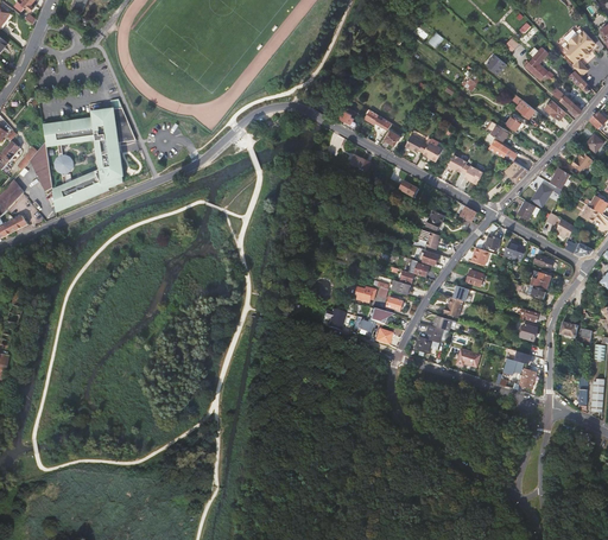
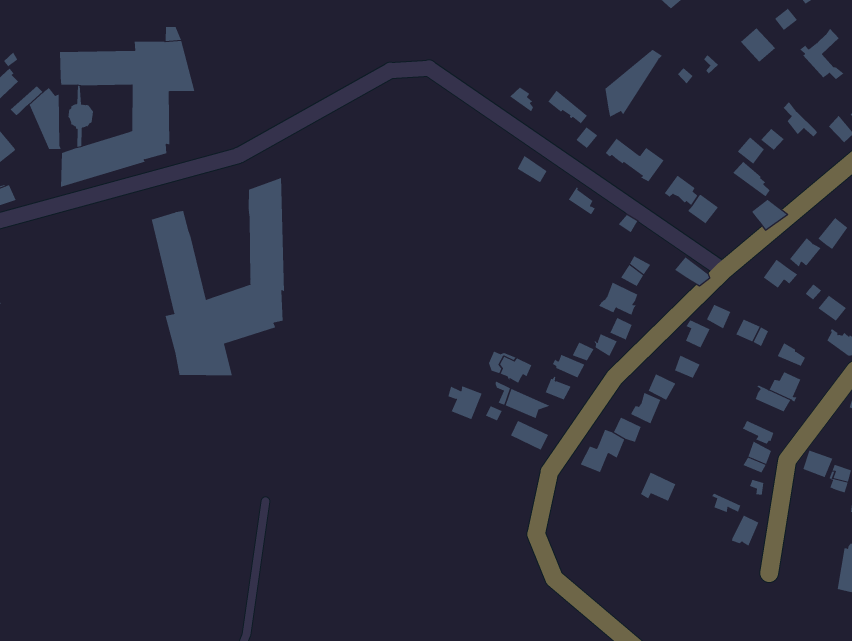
building: none -> [605,49,663,117]
building: none -> [151,177,284,376]

